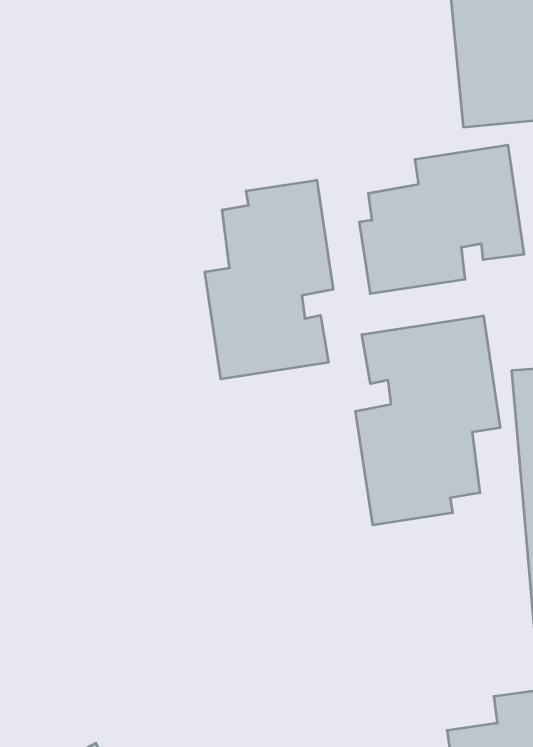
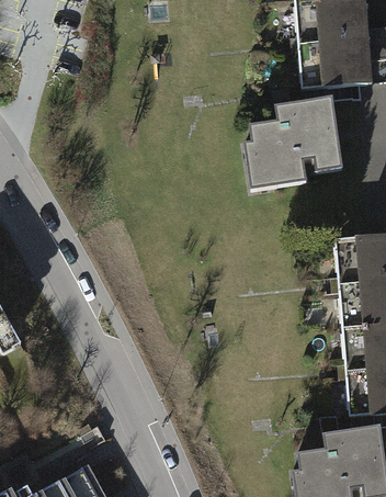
building: [205,180,333,379] -> none
building: [356,316,500,525] -> none

